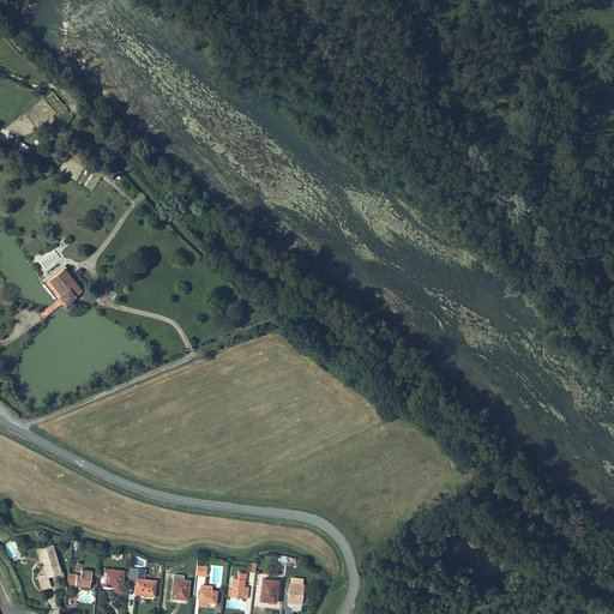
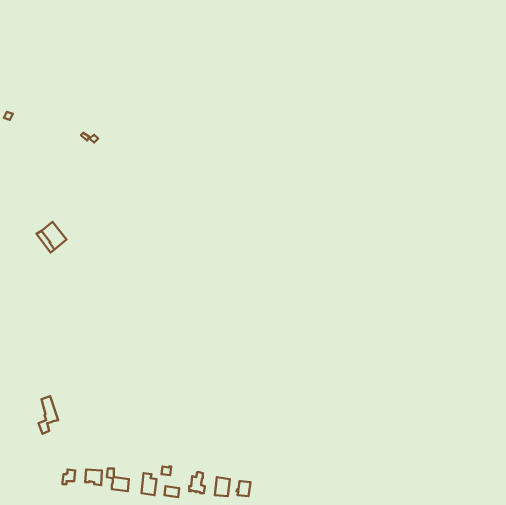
building: [37,544,61,590] -> [38,396,58,434]

